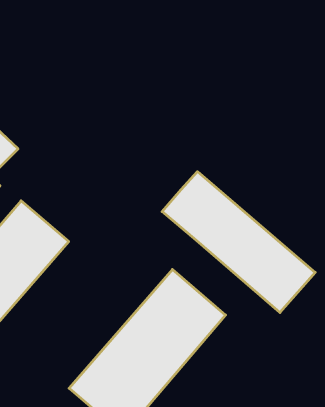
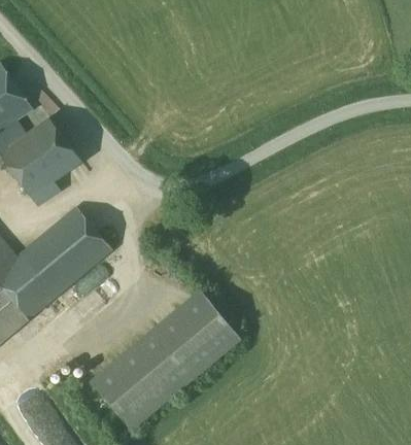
building: [162,172,315,313] -> none

